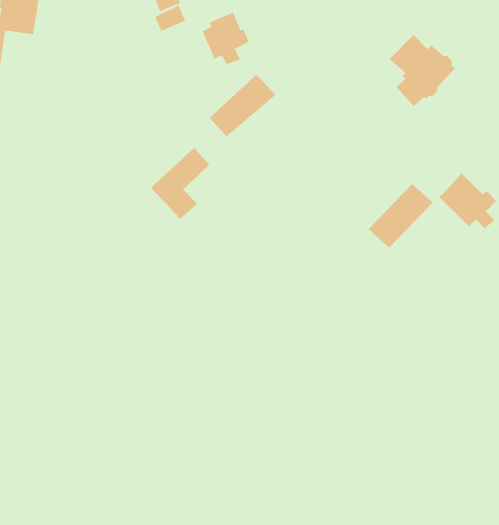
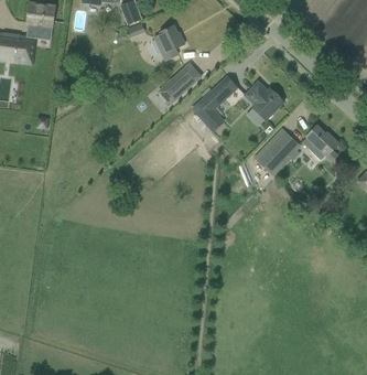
building: [389,34,456,107] -> [242,79,284,125]
building: [150,147,210,220] -> [192,83,229,128]

